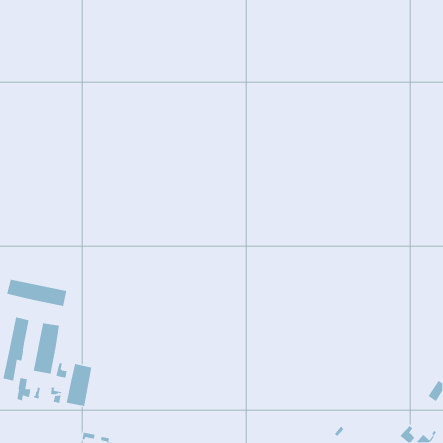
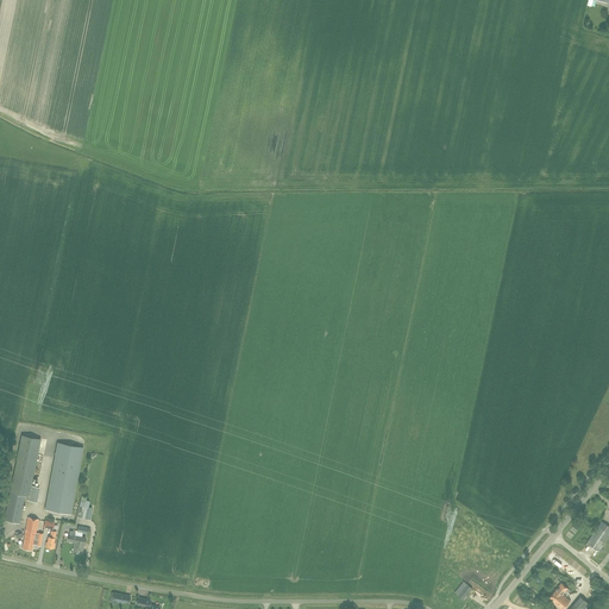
building: [6,279,67,307] -> none
building: [66,363,92,407] -> none

